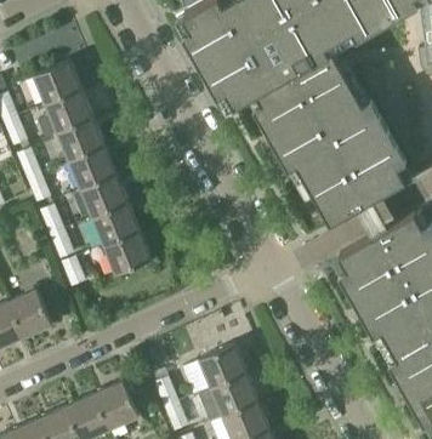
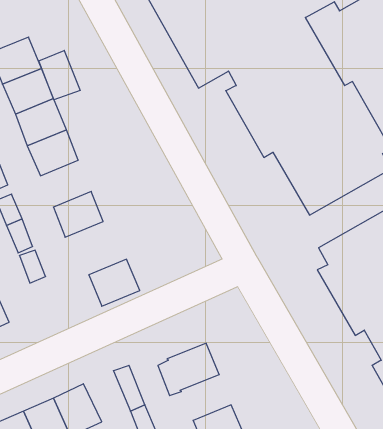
building: none -> [39,50,80,100]
building: [81,175,129,218] -> none
building: [104,232,152,275] -> [89,259,140,306]
building: [211,374,258,416] -> none

